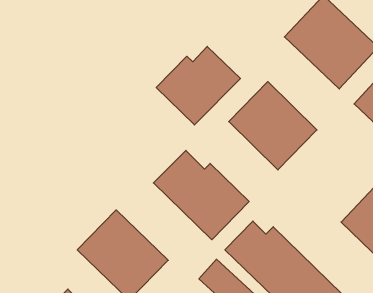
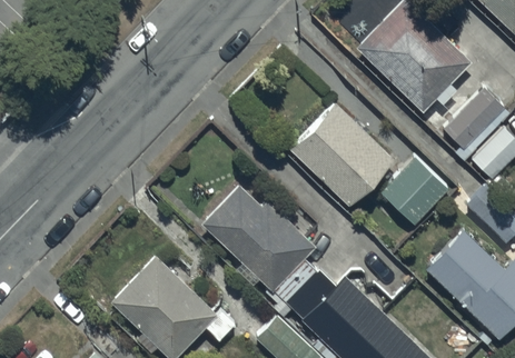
building: [156,46,240,125] -> none
building: none -> [379,157,449,227]

